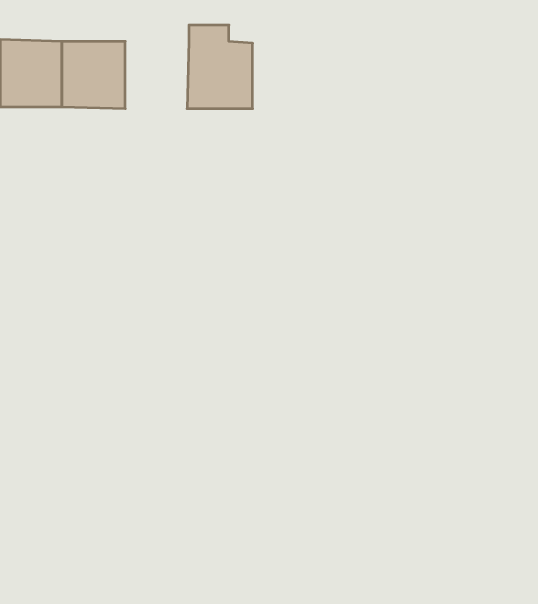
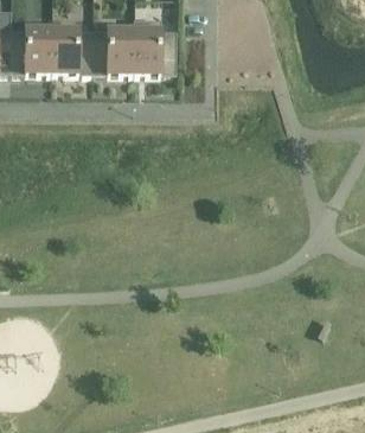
building: none -> [94,30,135,74]

